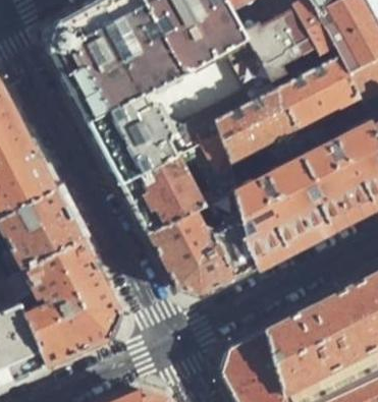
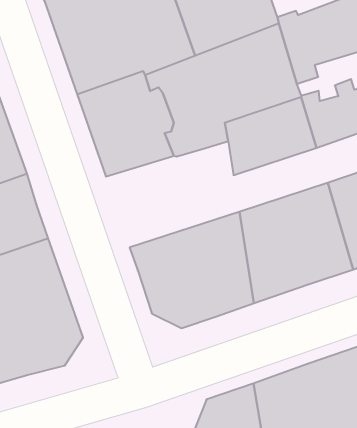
building: [119,139,230,236] -> none

